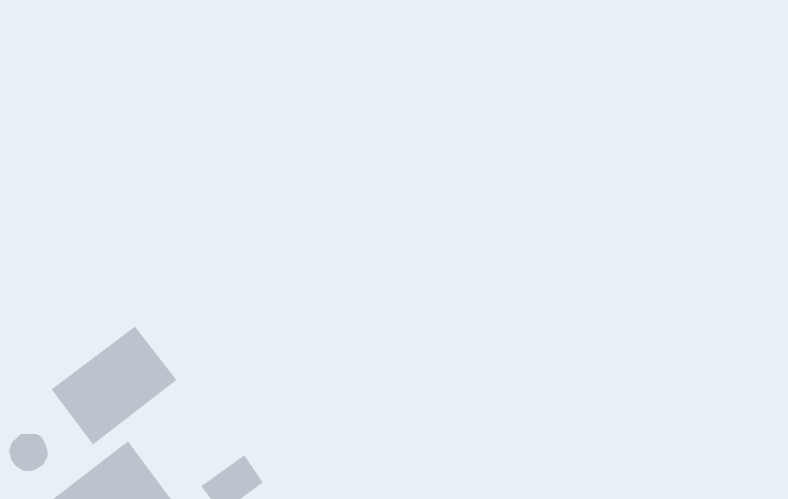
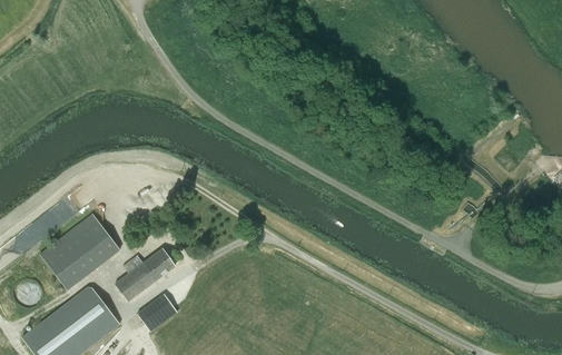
building: none -> [115,249,175,300]

